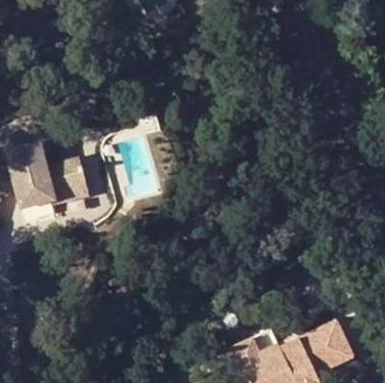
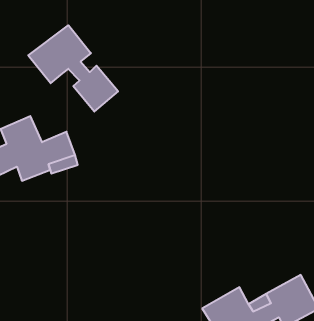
building: none -> [28,25,118,112]

